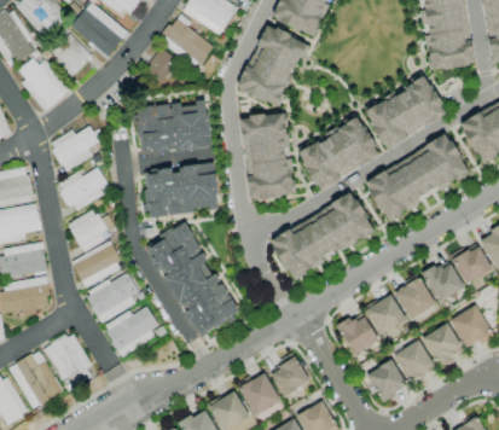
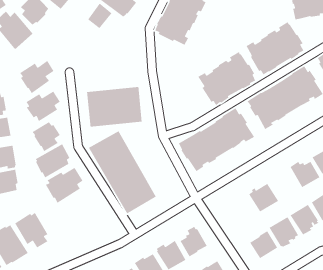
building: [135,99,213,156] -> none
building: [238,112,295,199] -> none
building: [394,275,436,320] -> none
building: [105,307,159,358] -> none
building: [336,314,378,355] -> none

